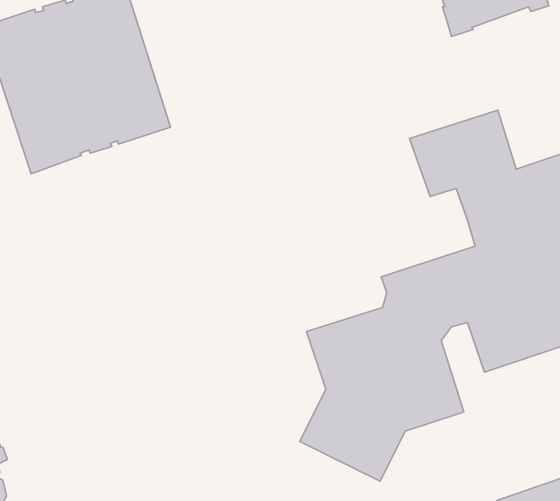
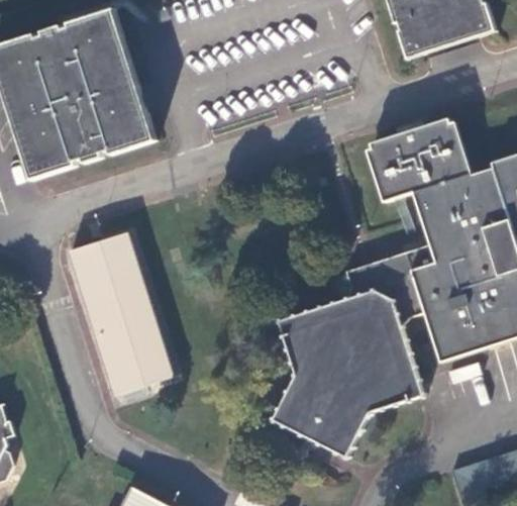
building: none -> [68,229,171,392]

